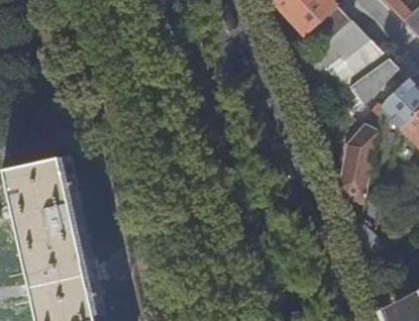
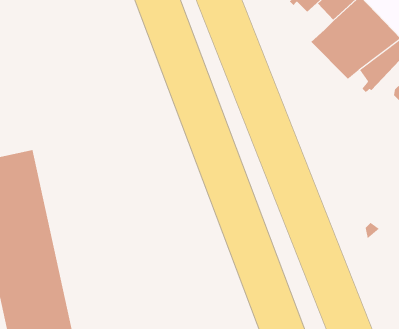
building: [342,127,377,207] -> none

